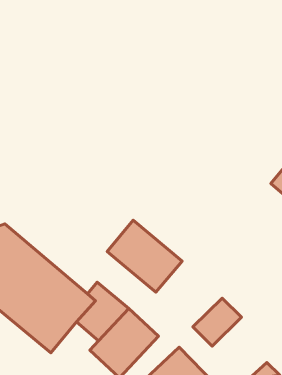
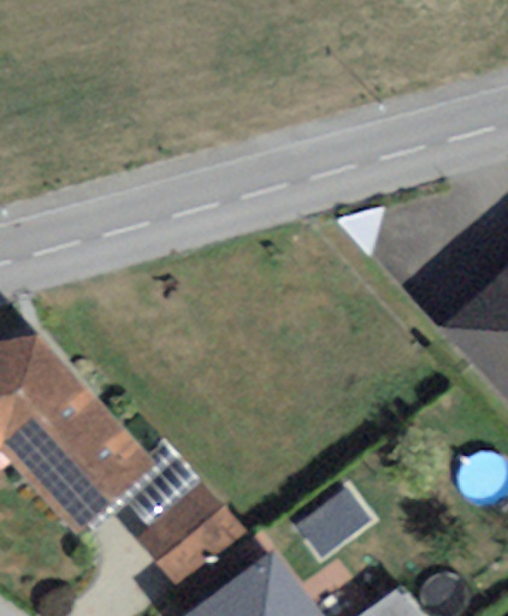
building: [107,220,182,292] -> none

